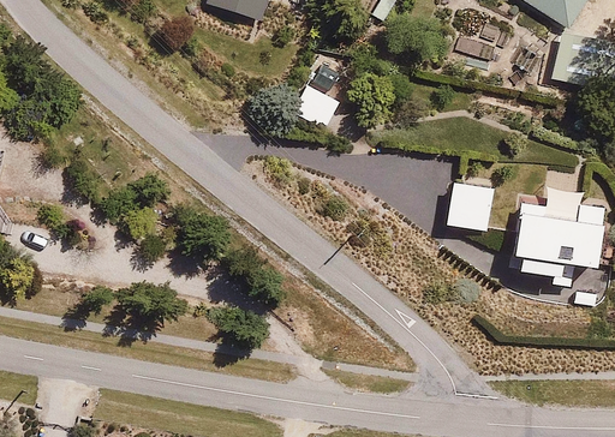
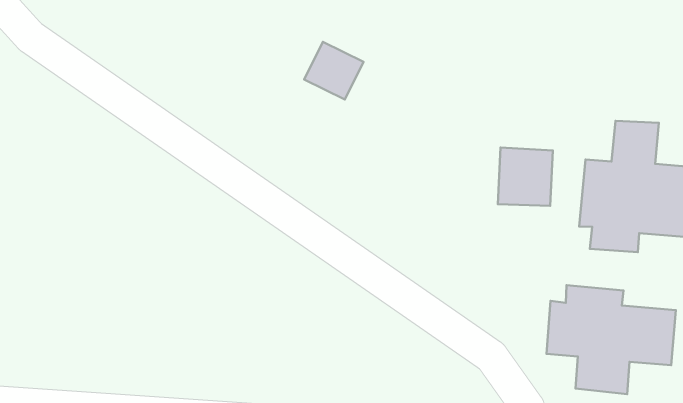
building: none -> [546,285,676,394]

